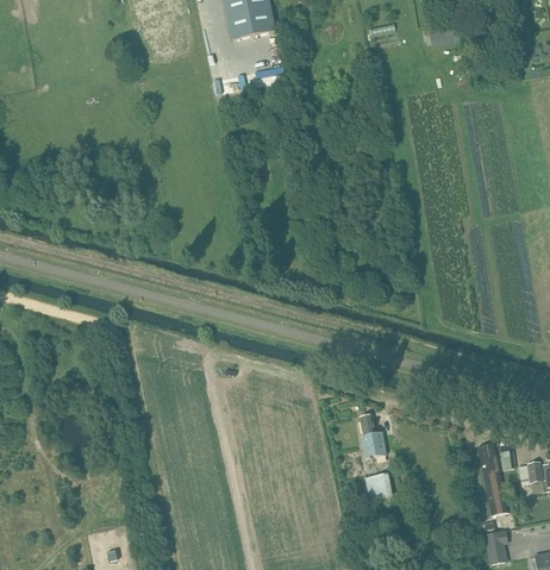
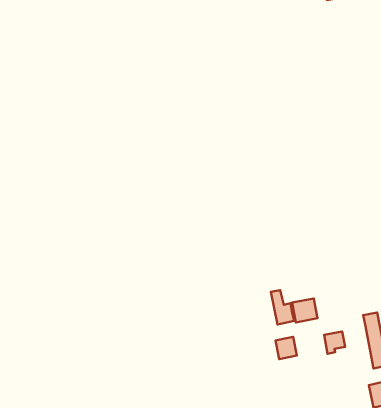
building: none -> [292,298,318,322]
building: none -> [324,331,345,354]

